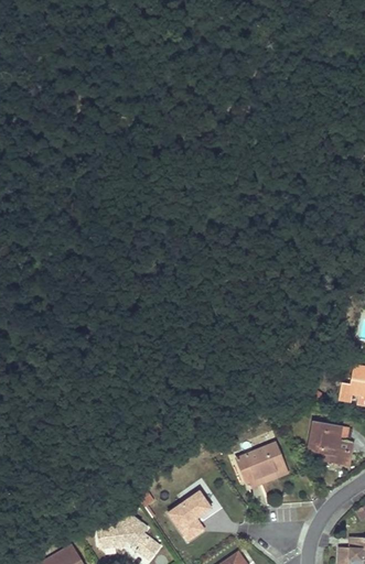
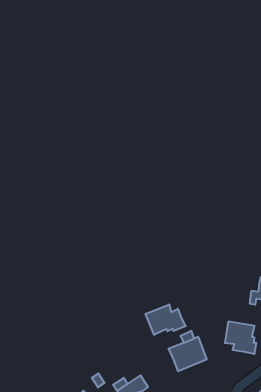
building: none -> [146,304,186,335]

